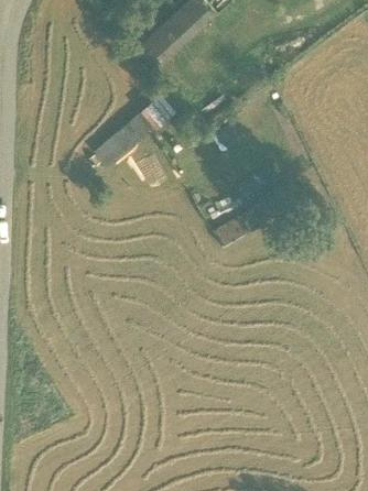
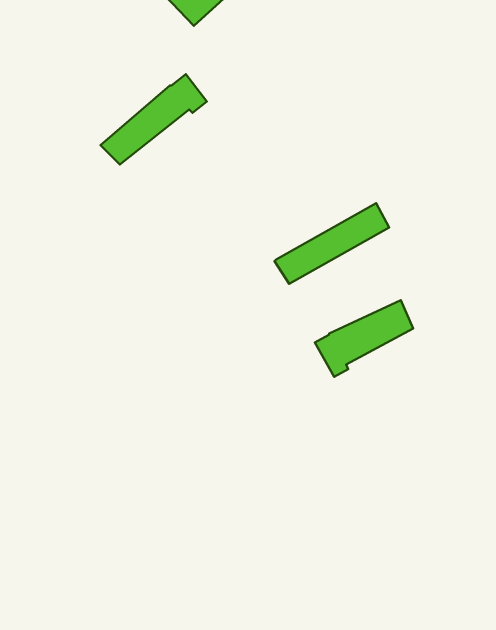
building: none -> [315,300,413,377]

